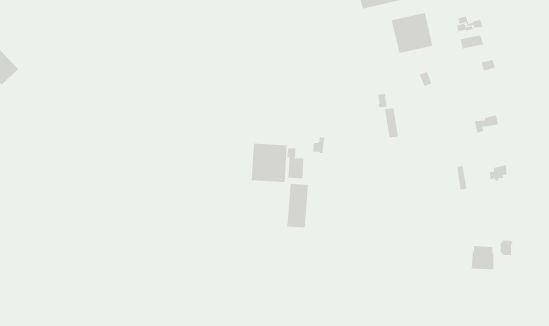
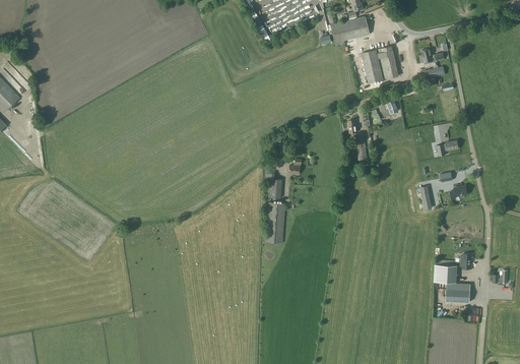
building: [251,143,287,183] -> none
building: none -> [446,283,470,302]

